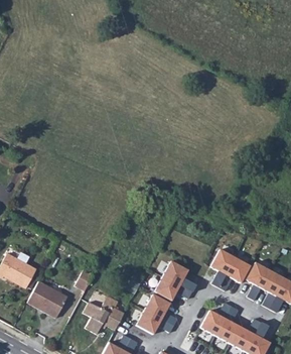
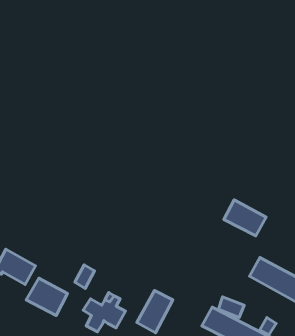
building: [209,248,251,283] -> [224,200,266,236]
building: [153,260,187,301] -> none

